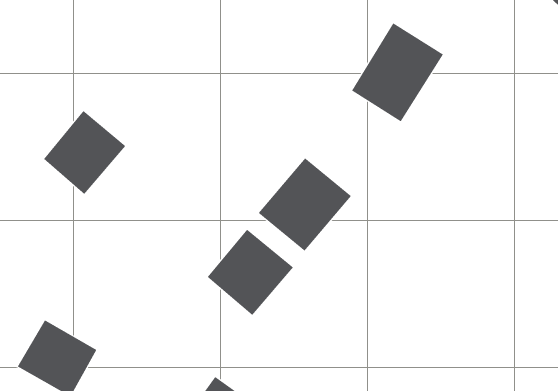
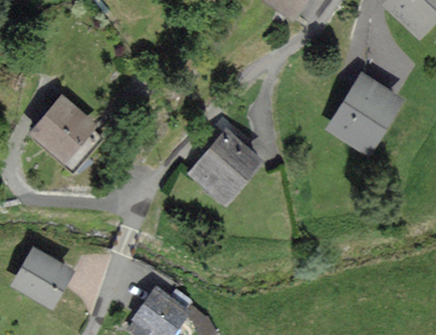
building: [351,23,444,122] -> [332,76,399,148]
building: [207,229,294,316] -> none

